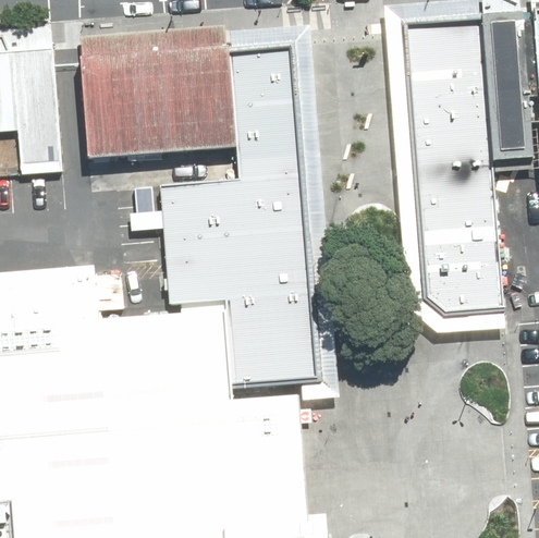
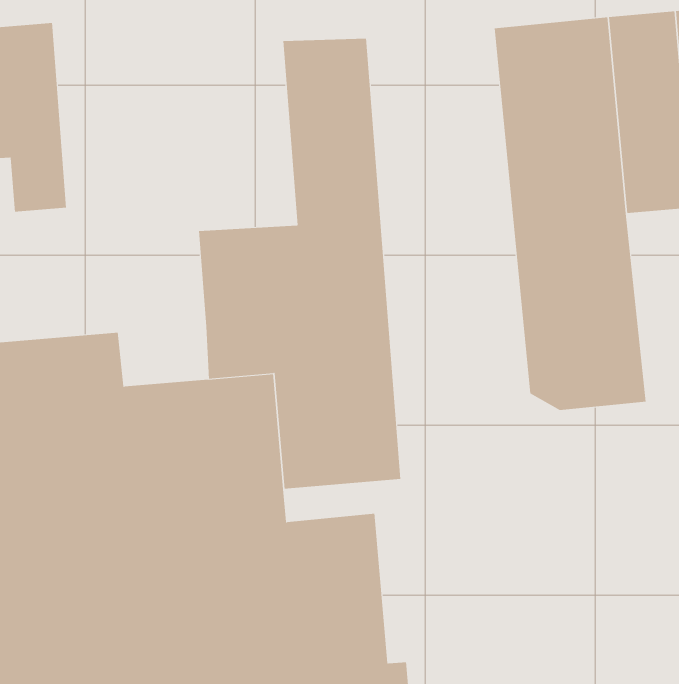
building: [72,39,235,164] -> none

